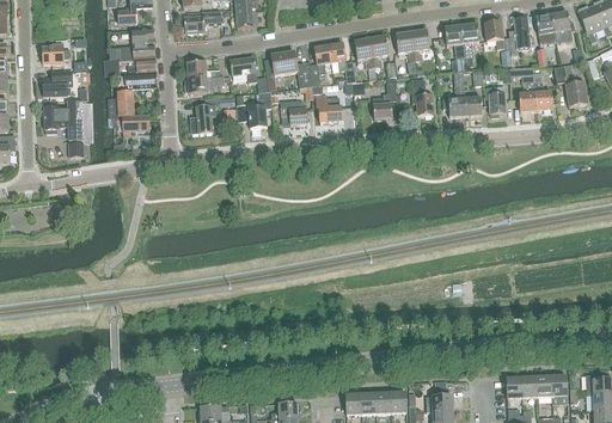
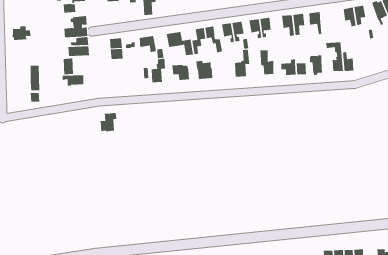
building: [183,10,221,32] -> none
building: [503,17,530,55] -> none
building: [555,66,587,105] -> none
building: [42,69,72,94] -> none
building: [44,99,68,133] -> none
building: [190,104,216,133] -> [100,112,117,132]

